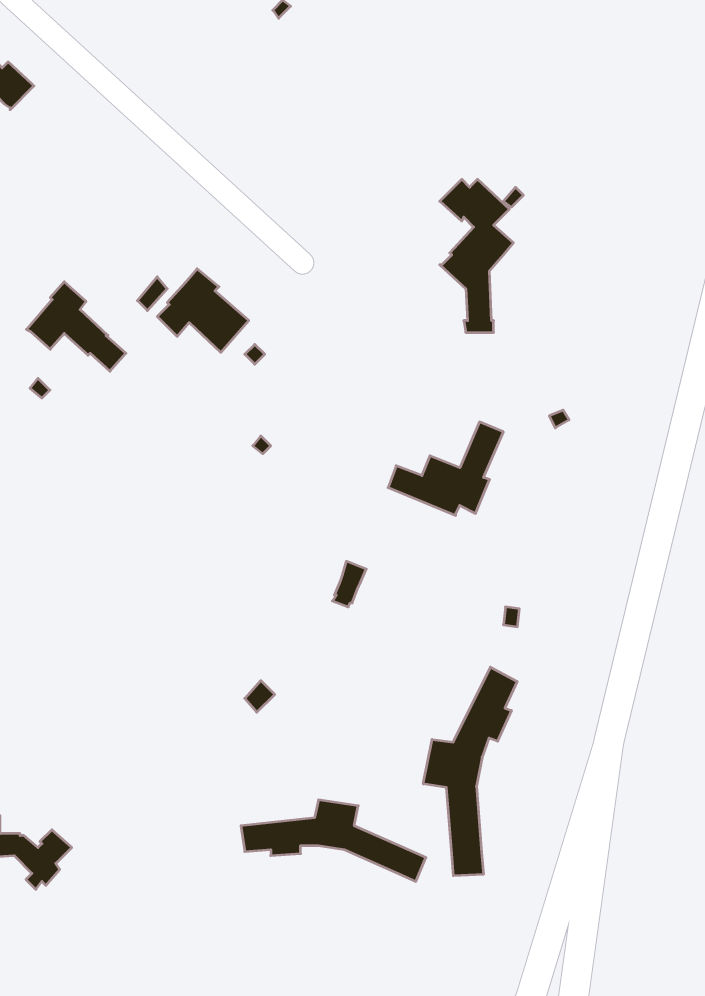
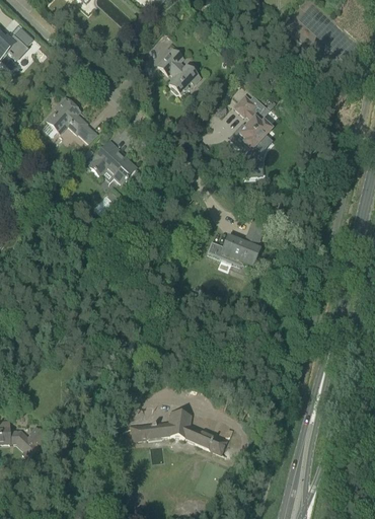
building: none -> [157,49,200,95]
building: [26,282,126,371] -> [46,96,96,142]
building: [423,667,517,876] -> none

